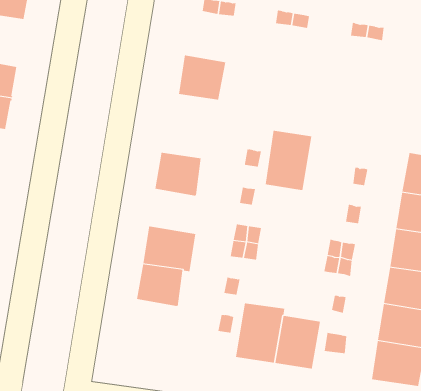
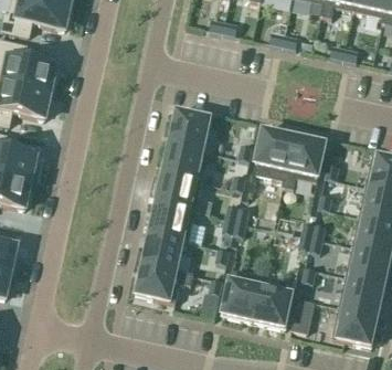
building: [178,55,226,100] -> [169,110,210,149]
building: none -> [282,136,325,189]
building: none -> [156,172,201,211]
building: none -> [136,262,192,302]

